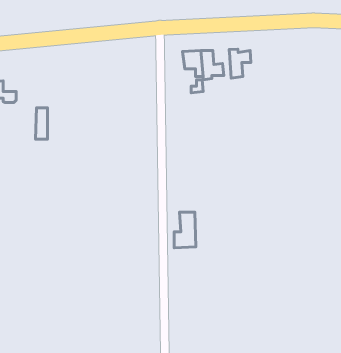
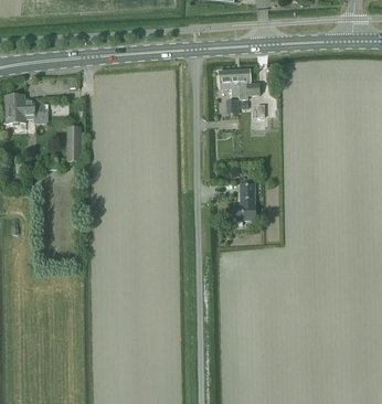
building: [229,49,251,78] -> none
building: [174,212,196,248] -> [233,183,255,220]

